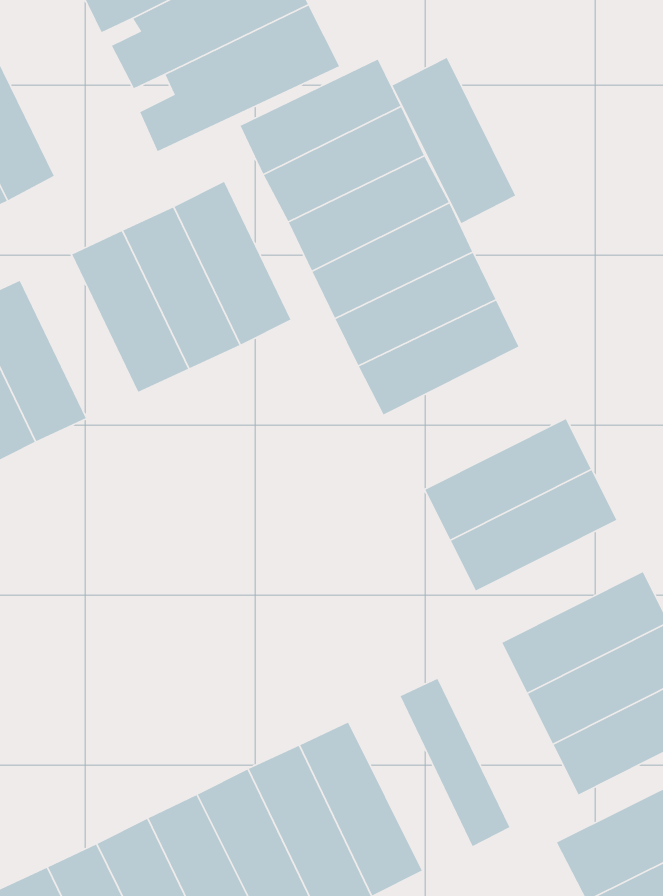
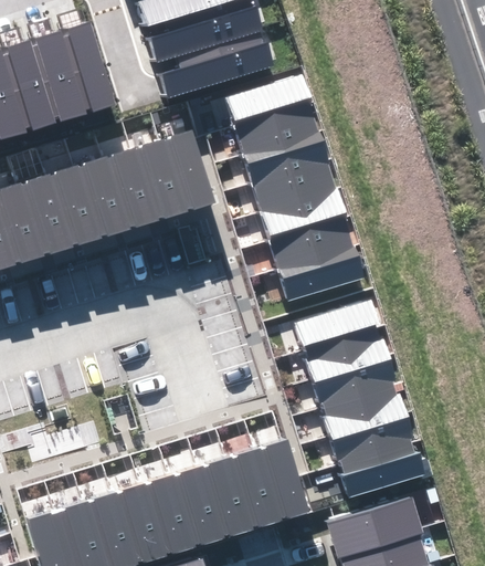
building: [392,57,516,224] -> none
building: none -> [78,151,135,245]
building: none -> [271,243,363,298]
building: none -> [307,349,403,408]
building: none -> [224,429,283,530]

